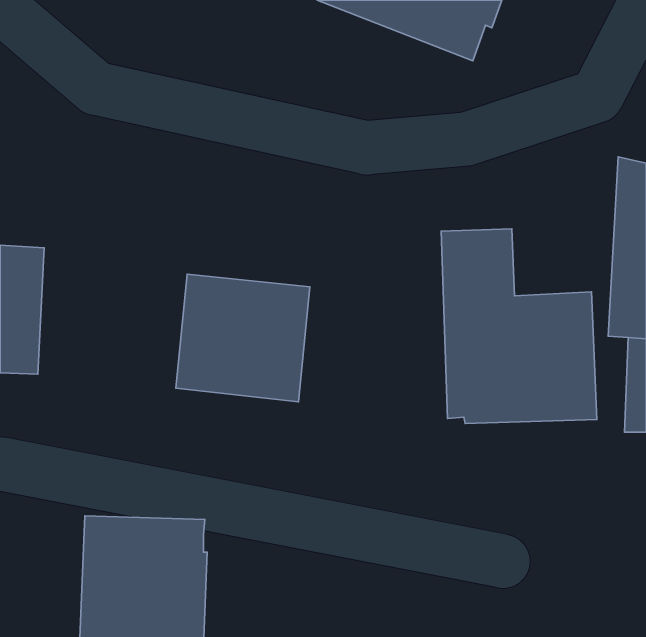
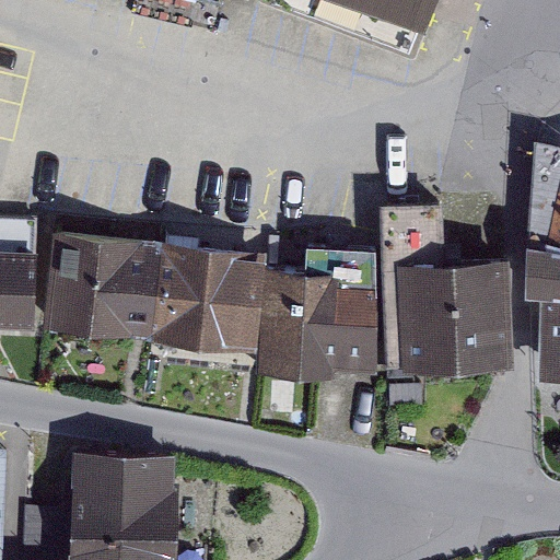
building: none -> [43,233,162,343]
building: none -> [259,248,376,381]

